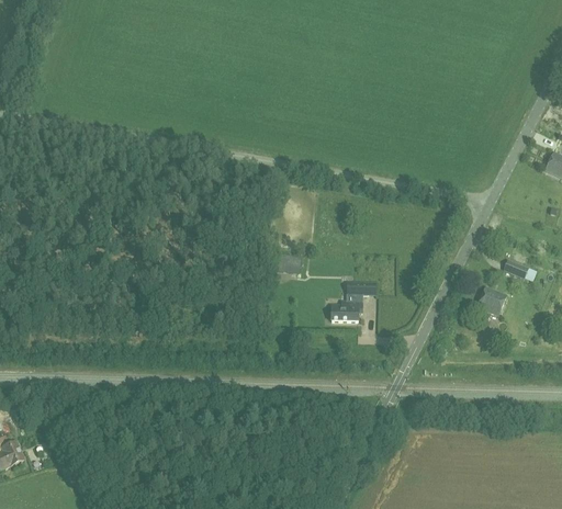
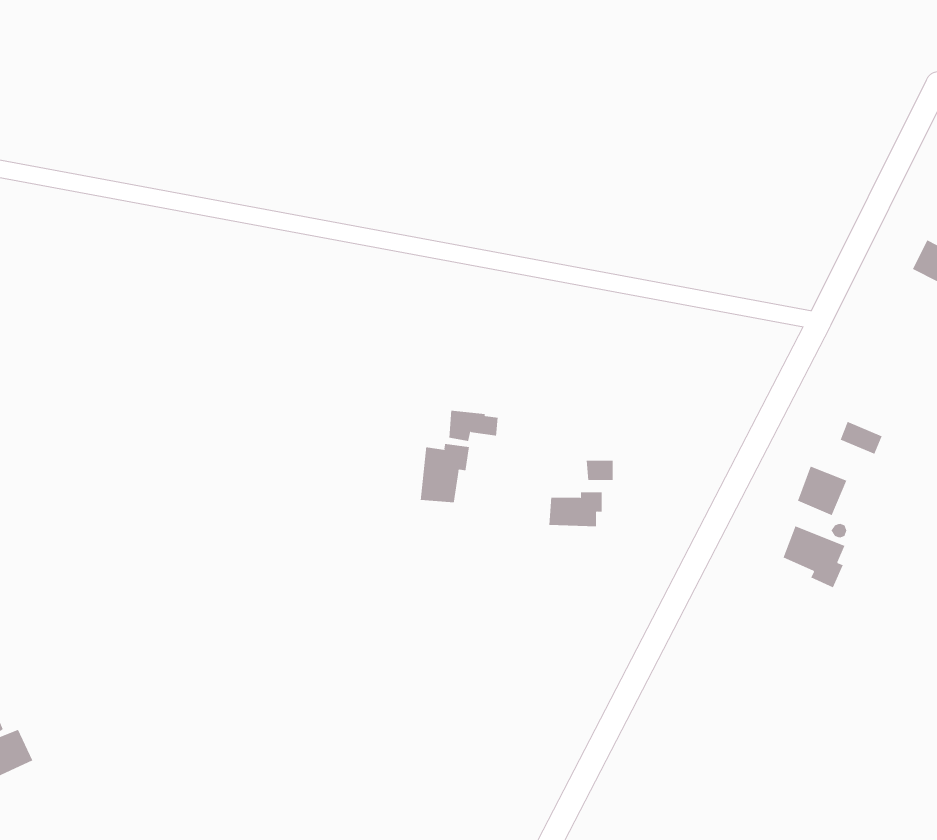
building: none -> [420,443,470,503]
building: none -> [783,525,845,588]

